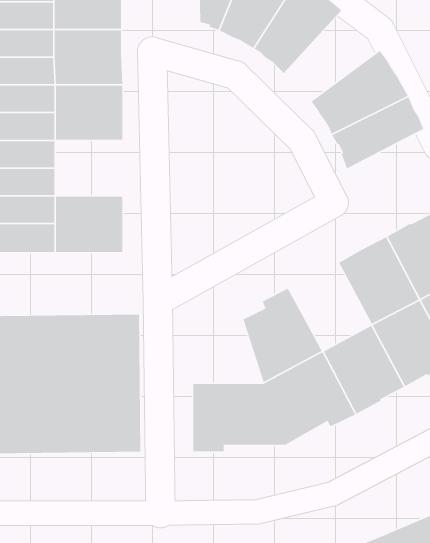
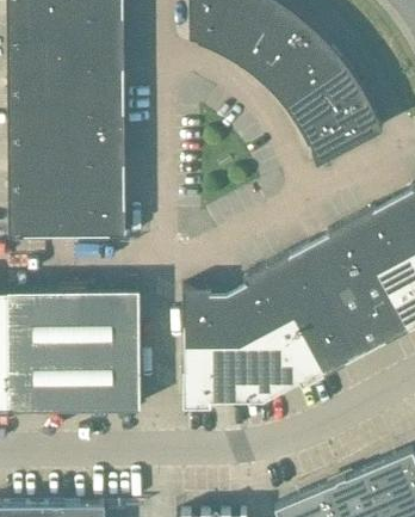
building: none -> [262,29,345,107]
building: none -> [66,141,124,189]
building: none -> [266,246,337,322]
building: none -> [182,290,244,350]

